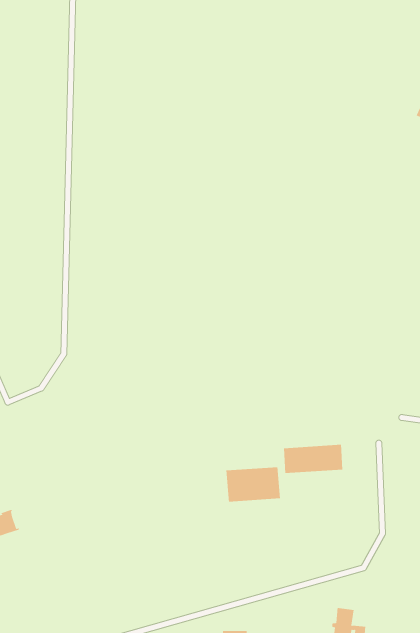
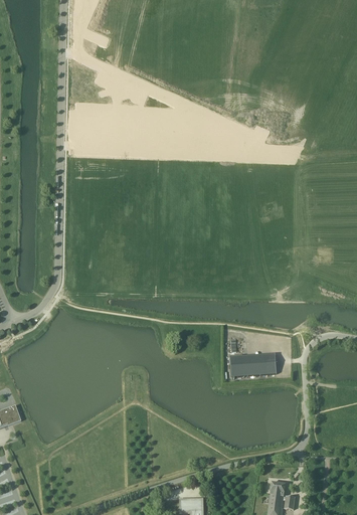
building: [226,467,280,502] -> none

